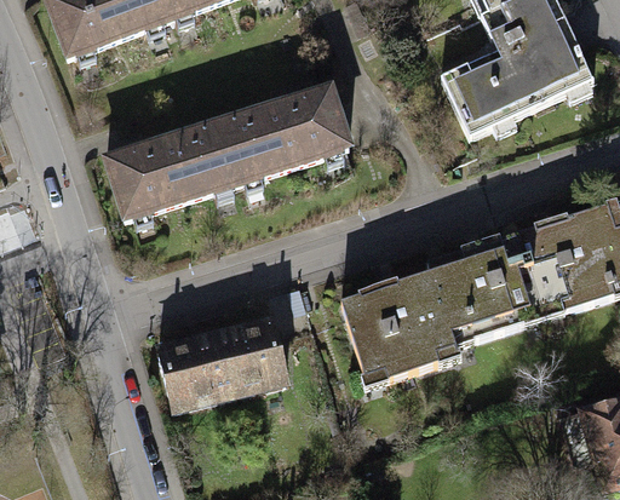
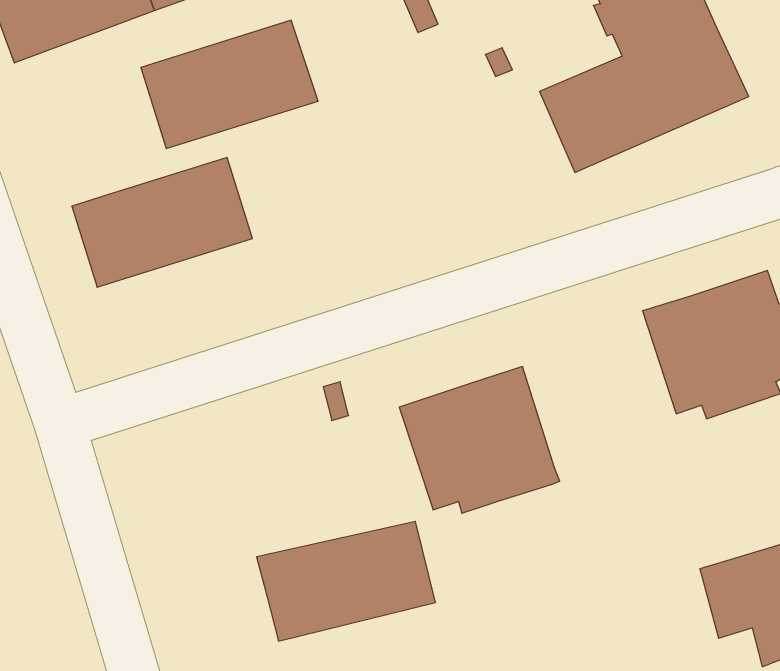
building: [219,88,346,180] -> [141,20,318,148]
building: [427,232,541,345] -> none
building: [153,322,281,408] -> [257,521,436,641]

